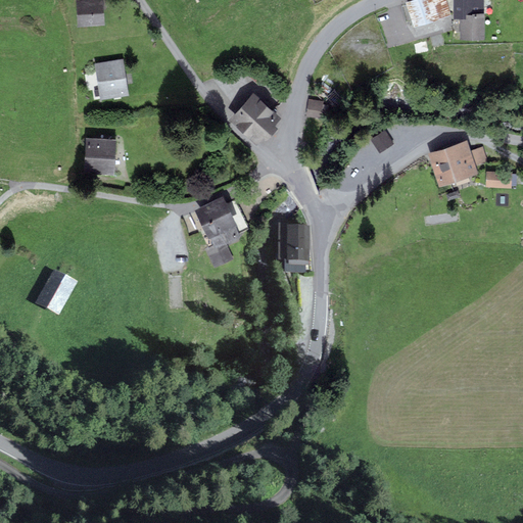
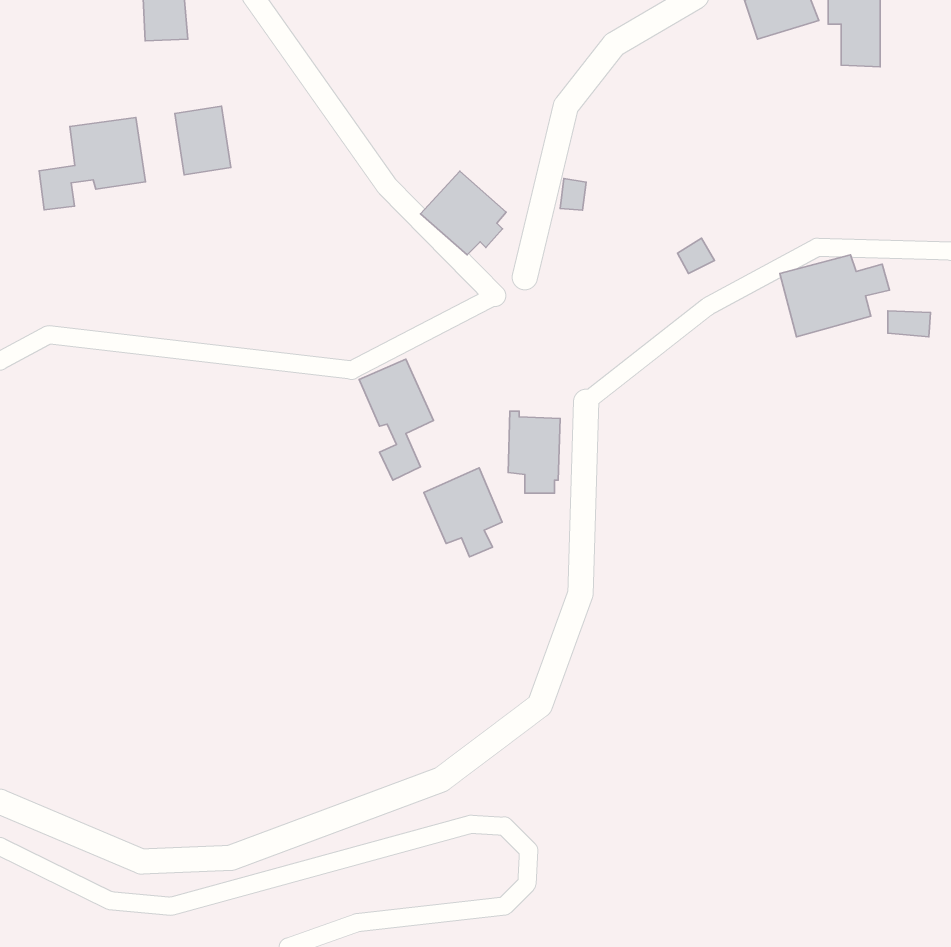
building: none -> [39,118,146,210]
building: [86,137,113,170] -> none
building: none -> [424,468,502,557]
building: [38,272,76,313] -> none

